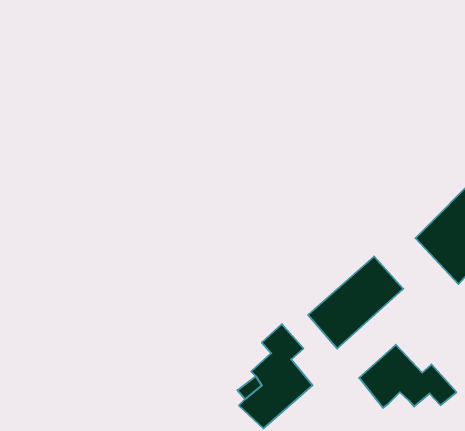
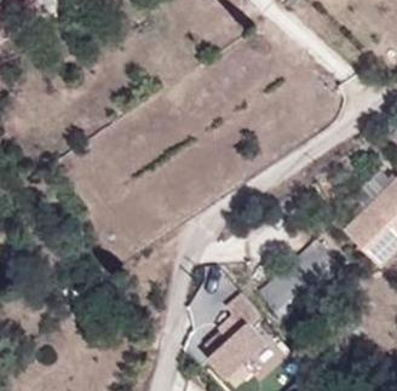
building: [359,345,456,408] -> none

